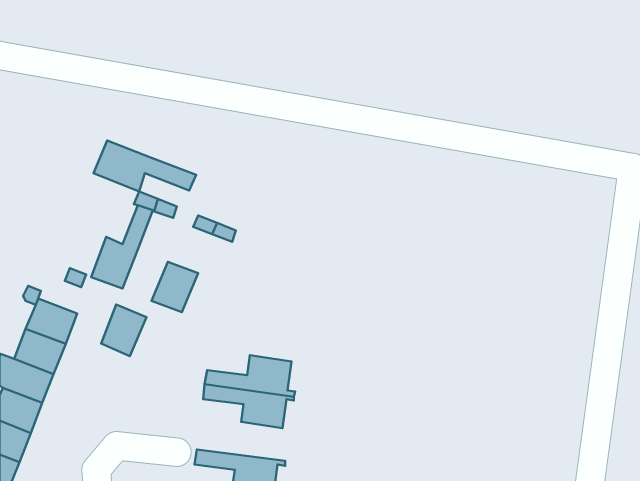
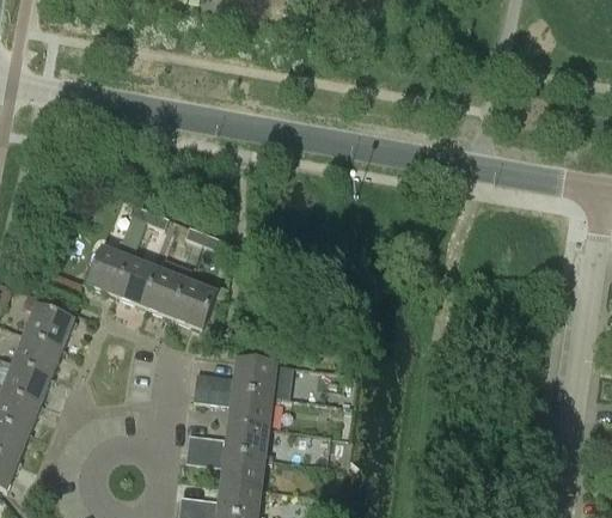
building: [93,141,196,191] -> none
building: none -> [173,280,218,329]
building: [101,304,146,356] -> [117,257,160,306]
building: none -> [188,421,273,458]

